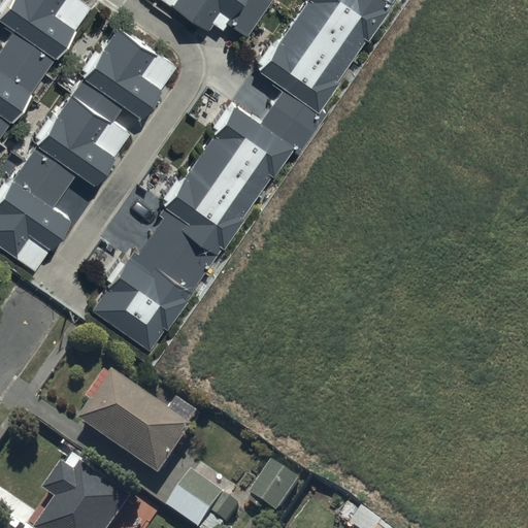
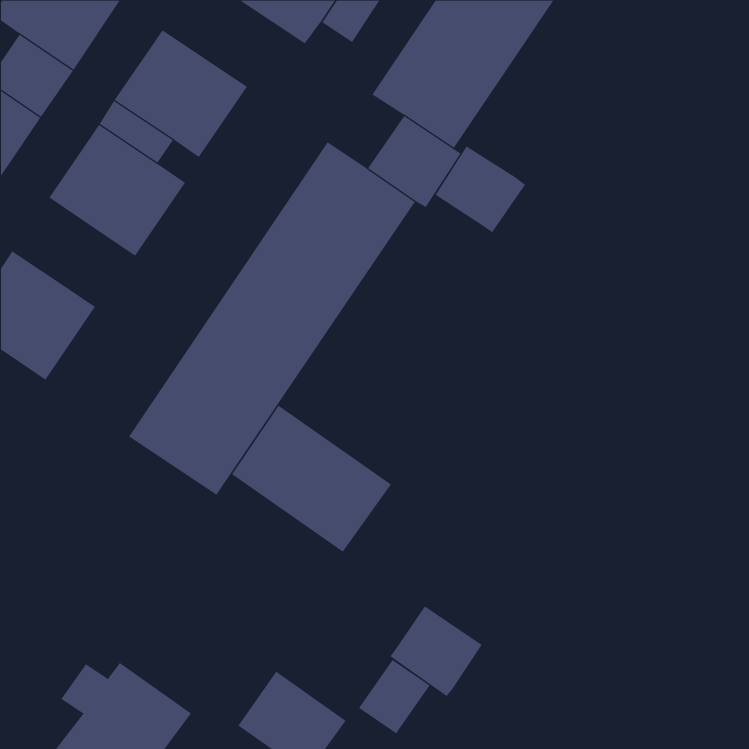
building: none -> [435,145,526,233]
building: [11,141,76,205] -> none
building: [84,374,196,477] -> [231,405,392,552]
building: none -> [390,606,483,697]

